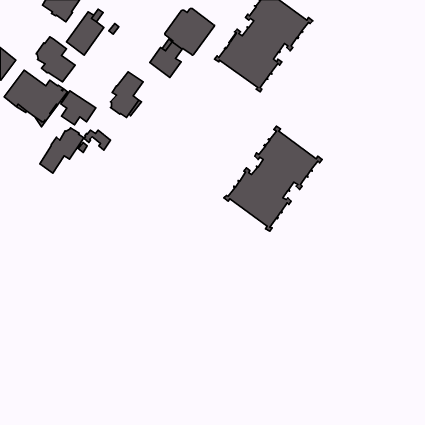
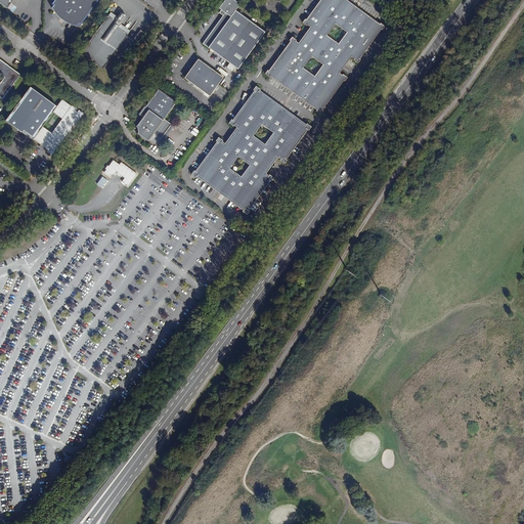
building: [36,37,75,82] -> none
building: [61,91,96,125] -> none
building: [224,126,322,231] -> [190,85,311,214]
building: [40,128,84,173] -> none

